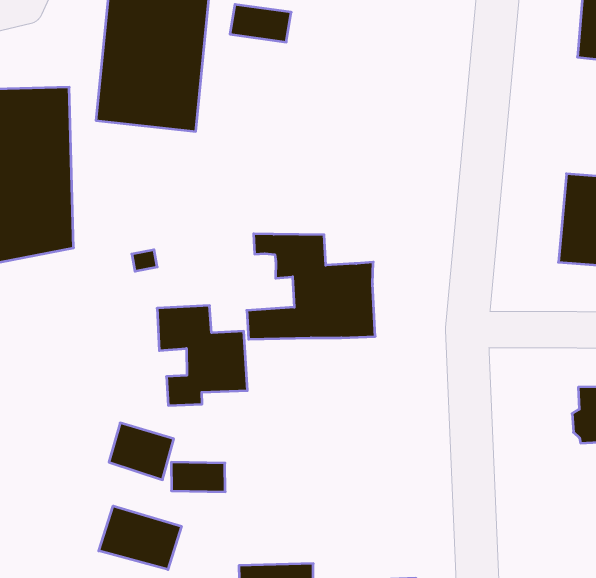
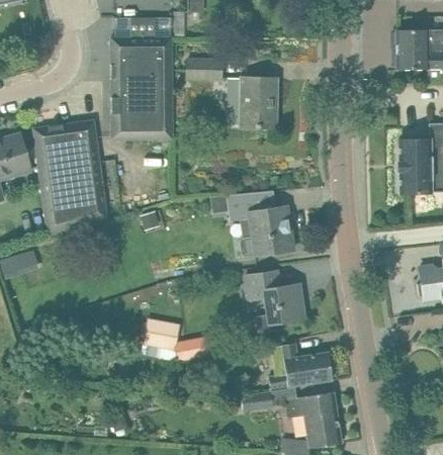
building: none -> [228,77,276,127]
building: [157,306,247,405] -> [245,270,304,333]
building: none -> [270,343,332,388]
building: [99,506,181,570] -> none

